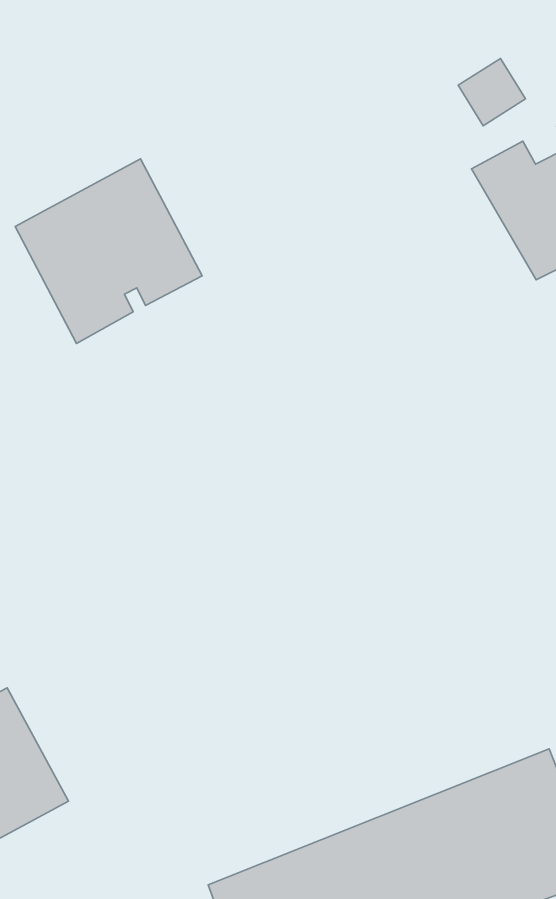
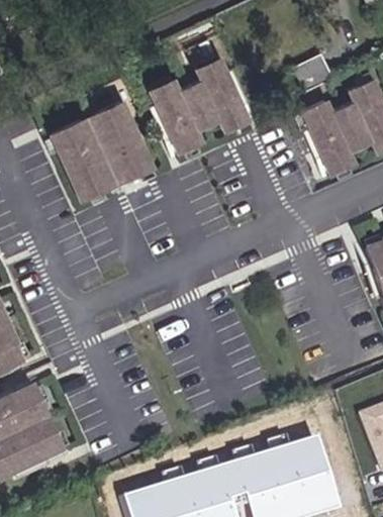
building: none -> [147,54,254,156]

